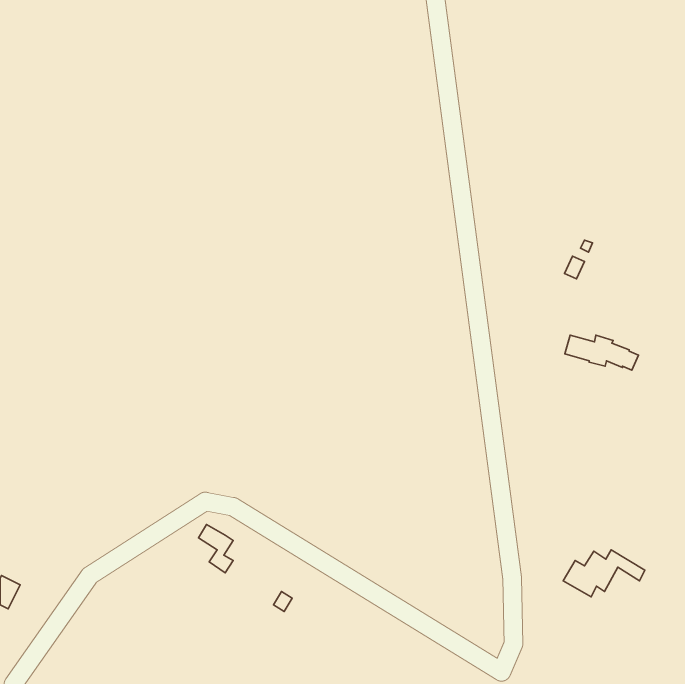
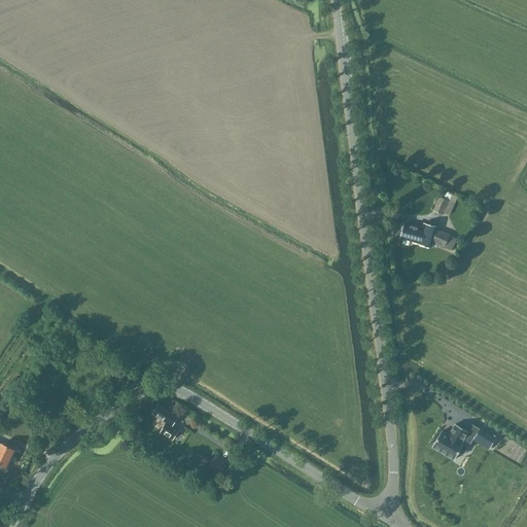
building: [565,335,639,370] -> [400,222,457,249]

